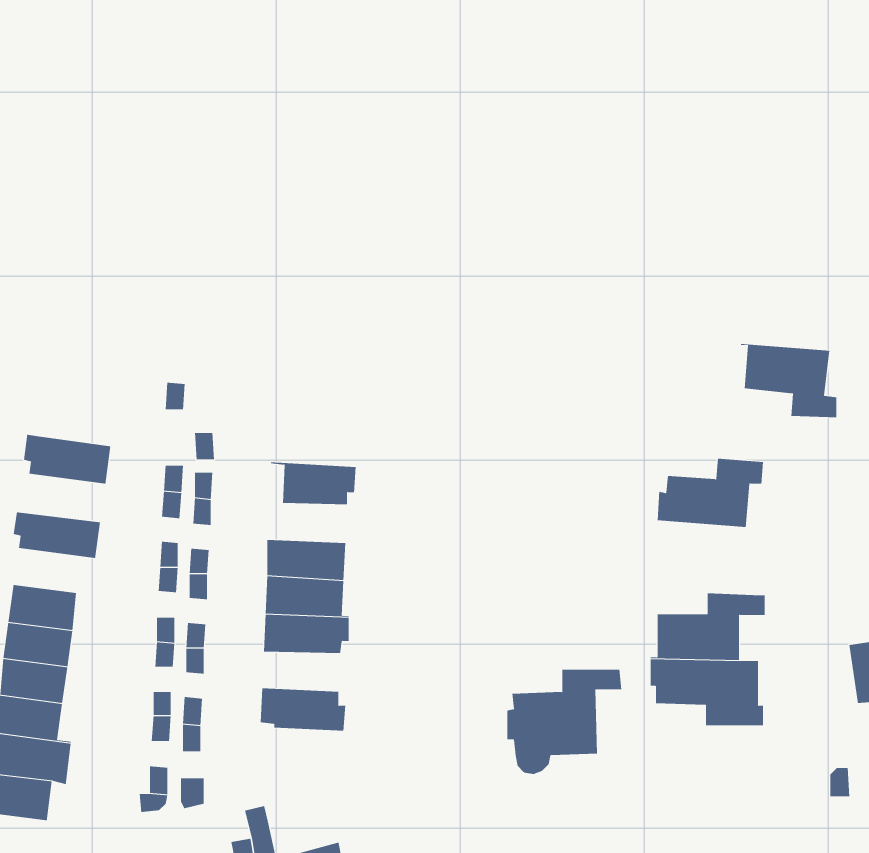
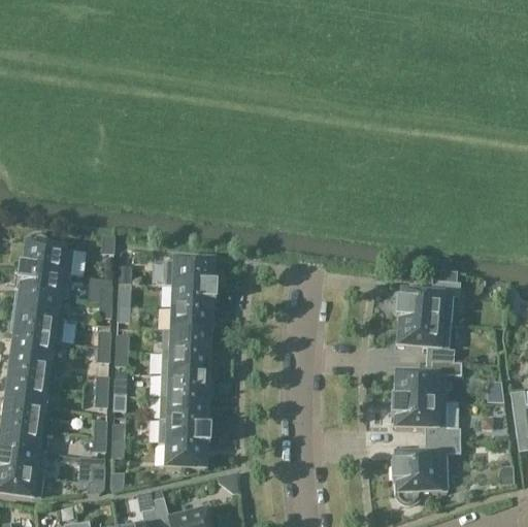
building: [740,344,837,418] -> [395,318,453,362]
building: none -> [23,233,72,273]
building: none -> [164,259,216,286]
building: none -> [12,290,66,319]
building: none -> [162,307,210,331]
building: none -> [10,334,60,361]
building: none -> [159,396,206,420]
building: [506,669,622,775] -> [391,440,460,503]
building: none -> [165,441,208,467]

